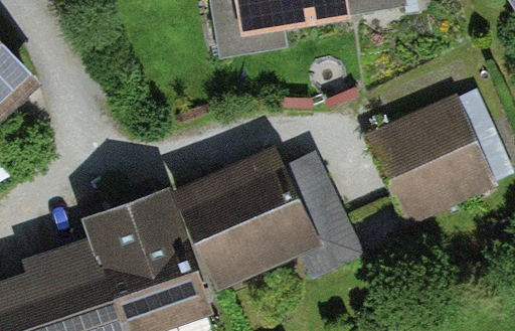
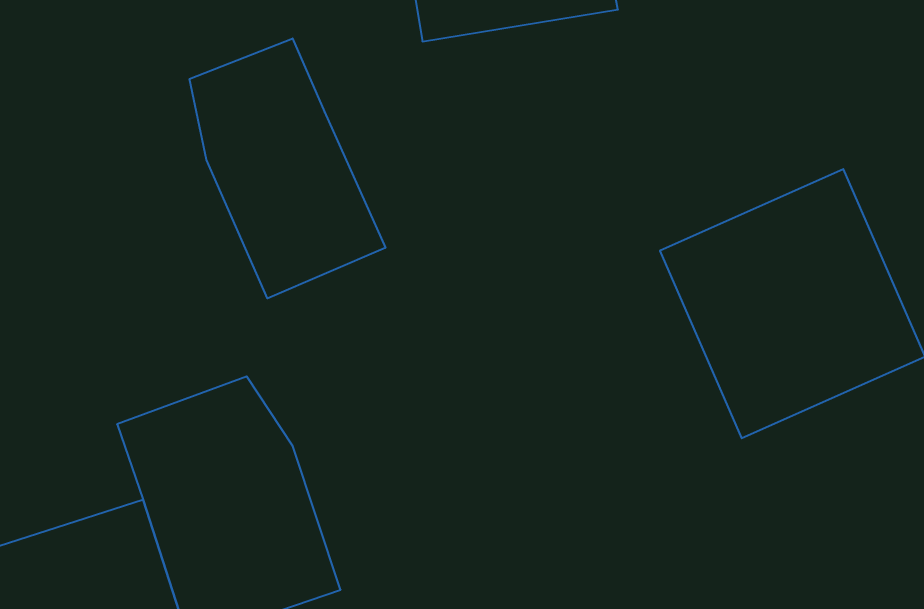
building: none -> [190,38,385,298]
building: [182,154,343,278] -> none

